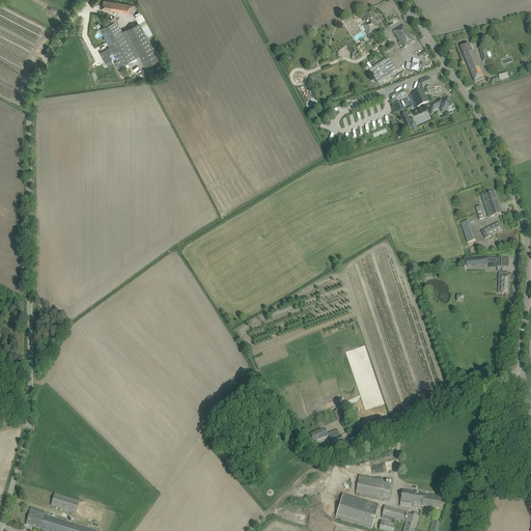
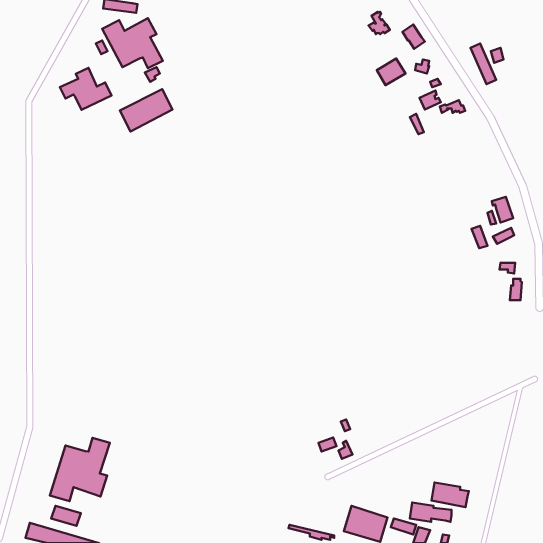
building: none -> [60,68,112,110]
building: none -> [120,89,173,131]
building: none -> [50,438,110,501]
building: [355,475,391,499] -> [431,483,469,507]

